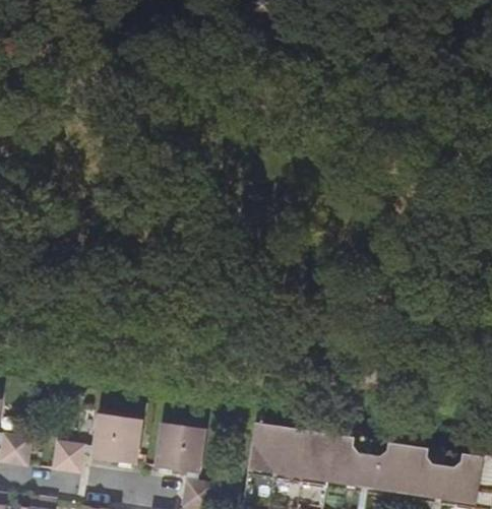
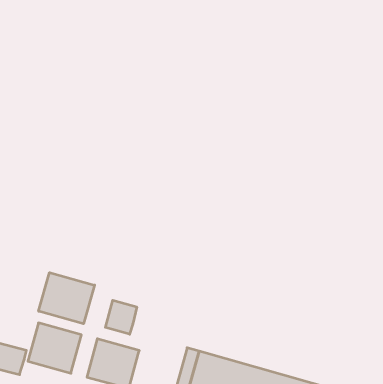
building: none -> [39,273,95,324]
building: none -> [105,300,137,334]

